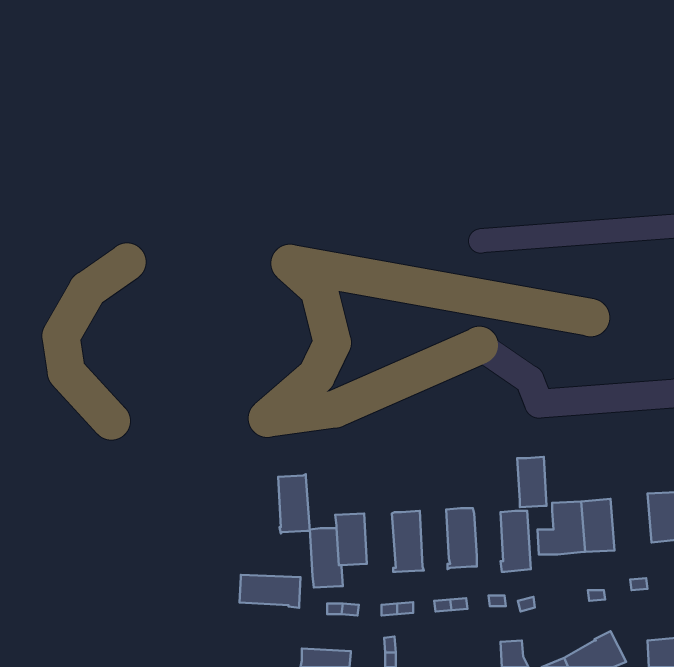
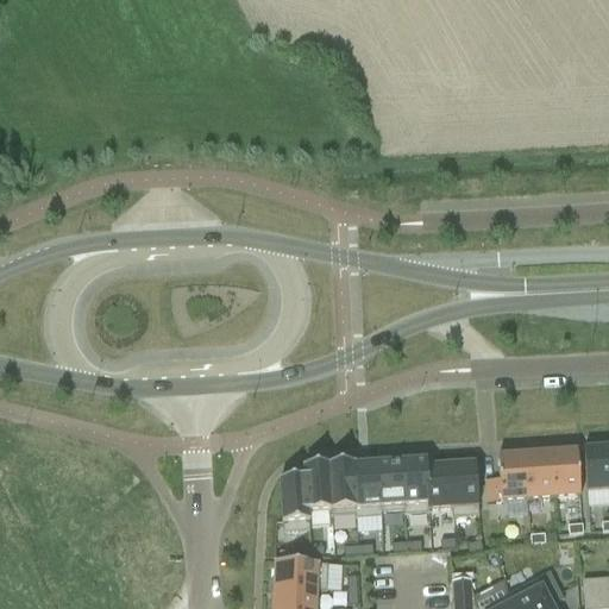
building: [517,457,546,507] -> [428,460,454,506]
building: [278,474,310,534] -> [329,459,358,513]
building: none -> [551,447,580,495]
building: none -> [379,458,407,509]
building: [240,575,300,608] -> [274,558,328,588]

